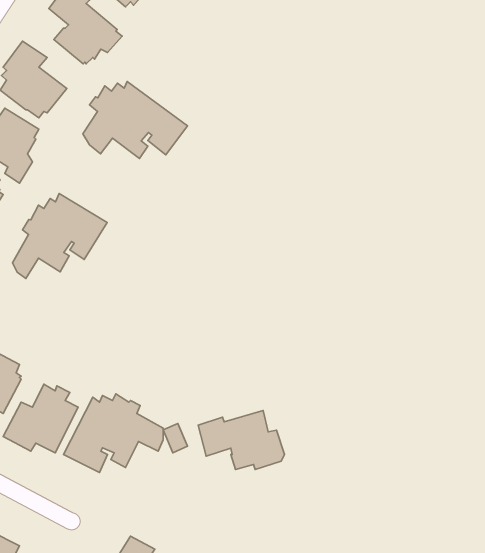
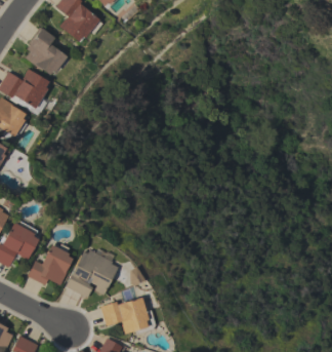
building: [83,82,187,159] -> none
building: [13,194,107,279] -> none
building: [198,411,285,469] -> [101,297,156,334]

